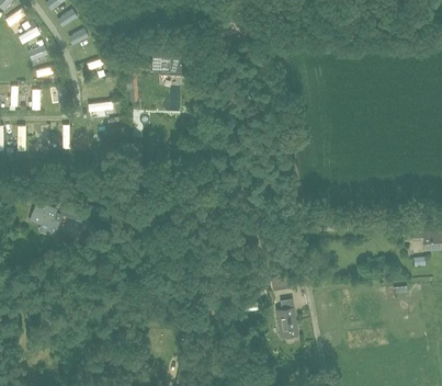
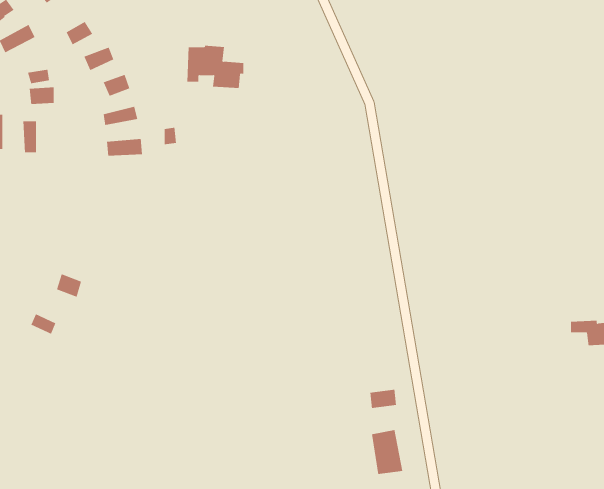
building: [29,200,60,226] -> none

